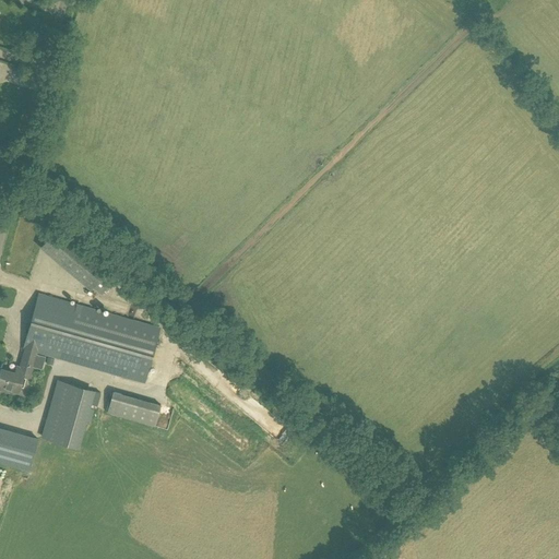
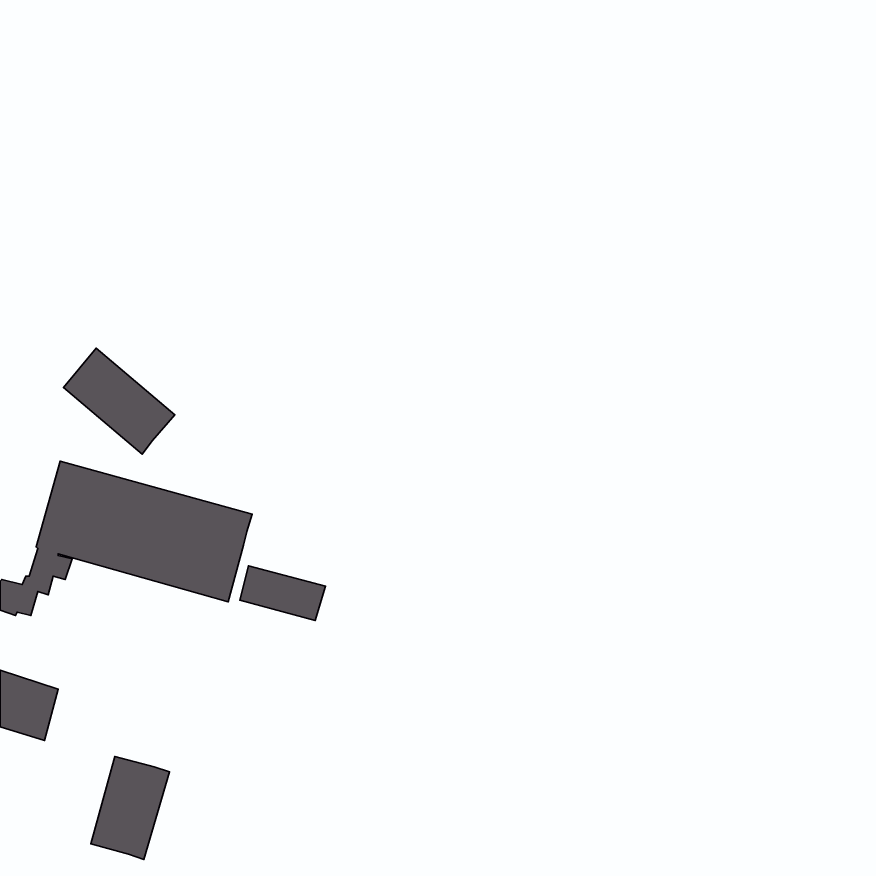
building: [43,381,93,447] -> [91,756,170,859]
building: [107,391,162,426] -> [240,566,326,621]

